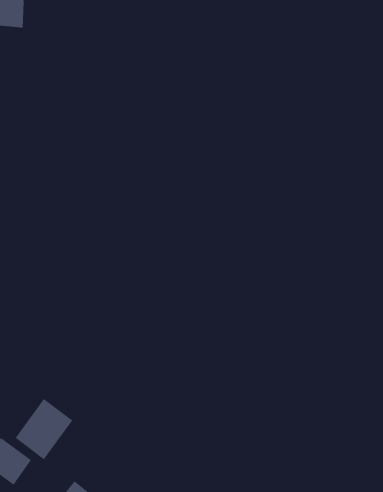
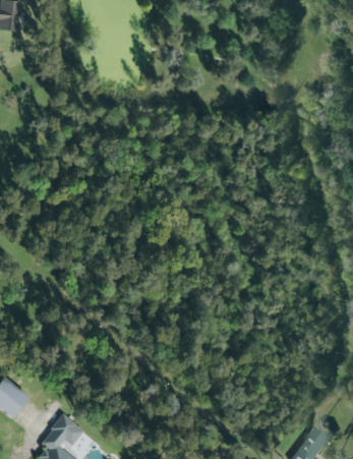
building: [15,398,73,460] -> none

